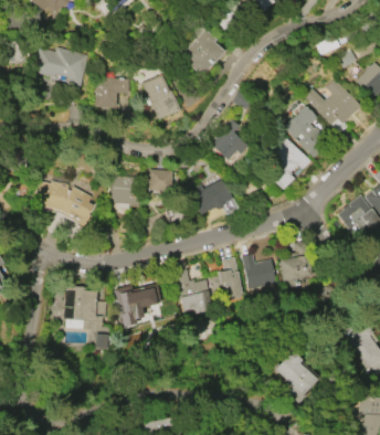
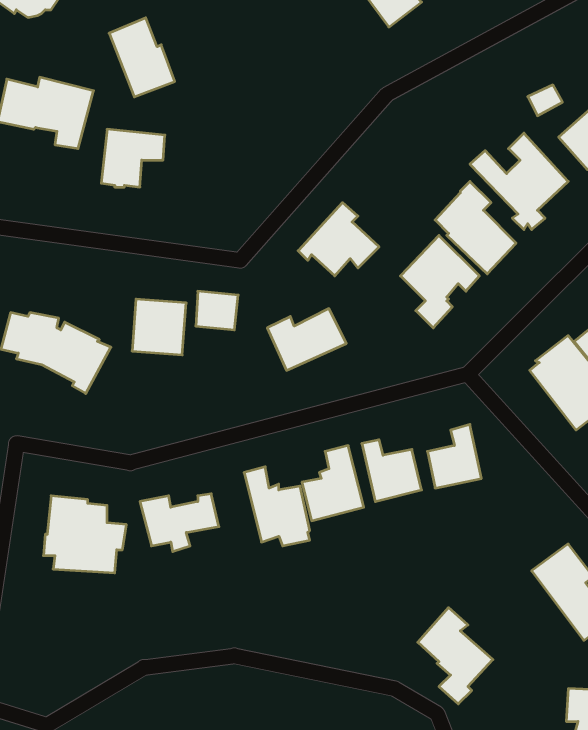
building: [182,29,224,76] -> none
building: [142,74,180,119] -> [109,18,175,97]

